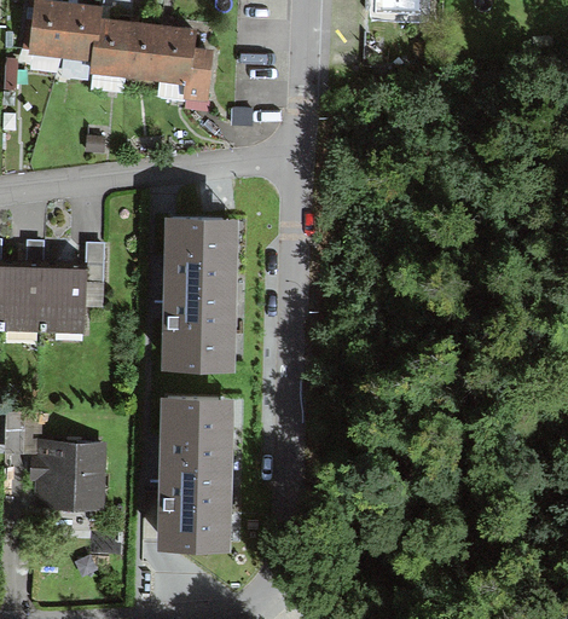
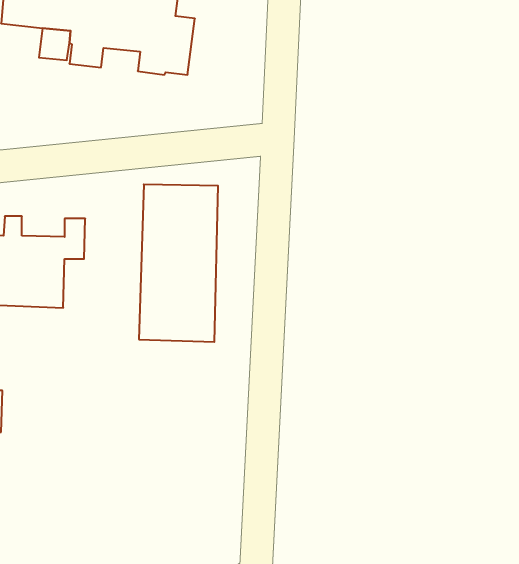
building: [158,397,234,550] -> none
building: [37,446,106,513] -> none

